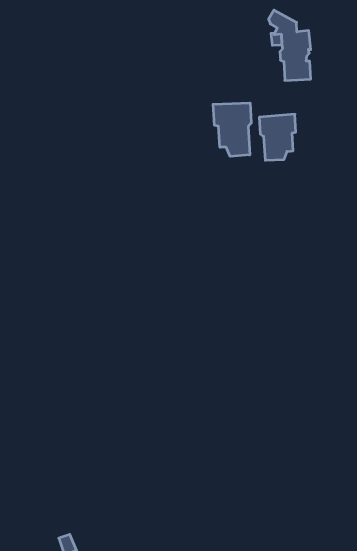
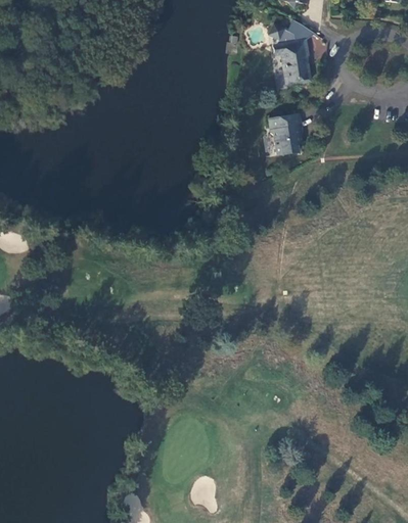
building: [213,103,251,156] -> none

